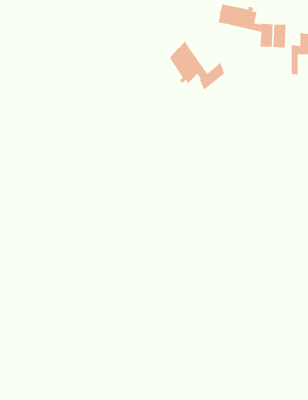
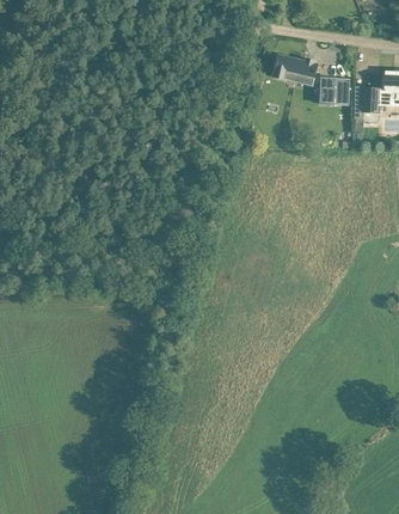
building: [169,40,225,91] -> none

